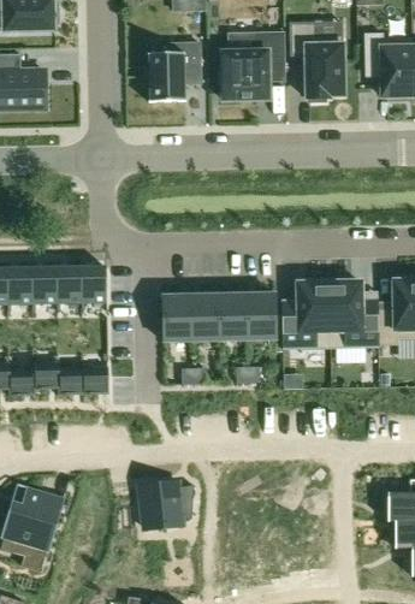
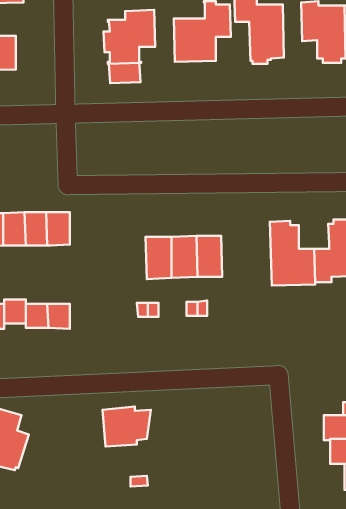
building: none -> [109,63,141,83]
building: [281,277,331,348] -> none
building: [162,294,191,341] -> none

